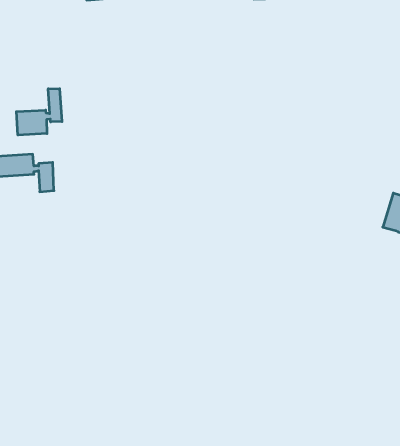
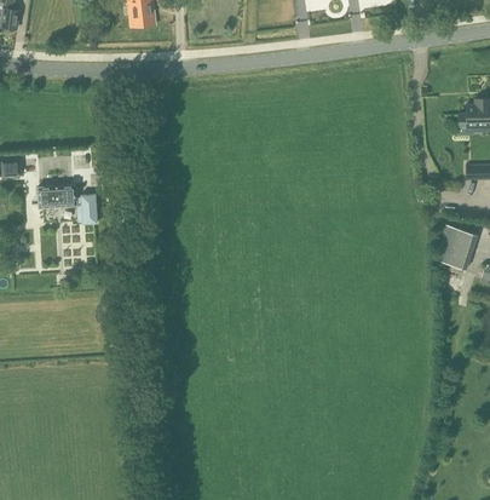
building: [16,89,62,135] -> none

